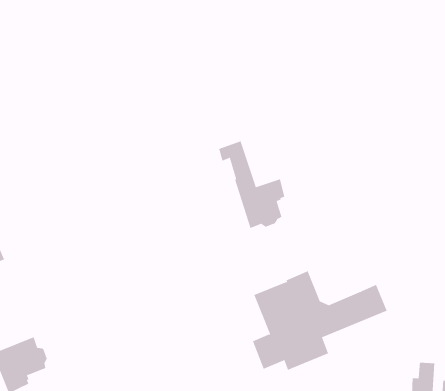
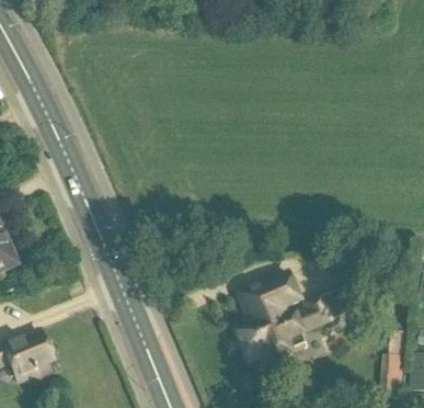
building: [218,141,285,229] -> none

